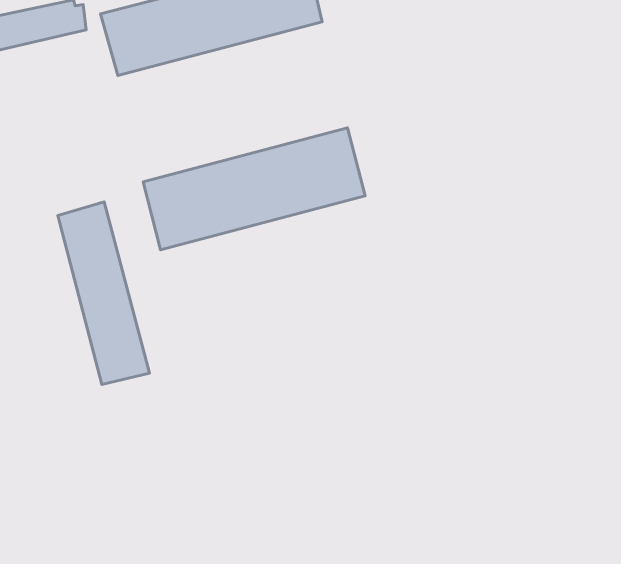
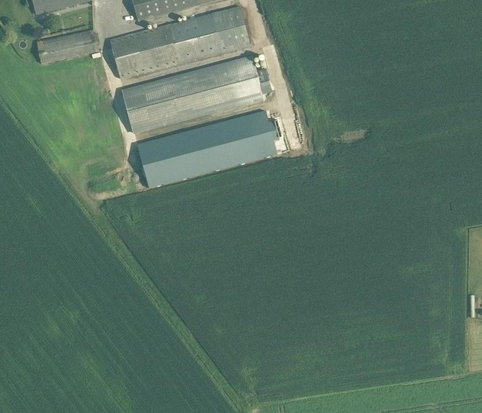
building: none -> [121,55,263,133]
building: [58,202,150,385] -> none

